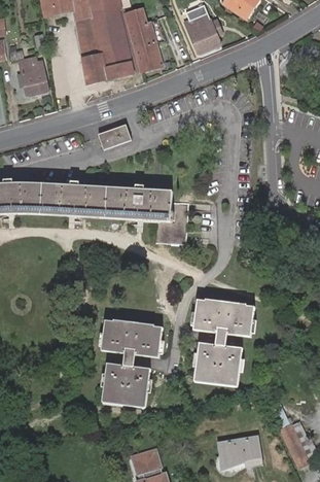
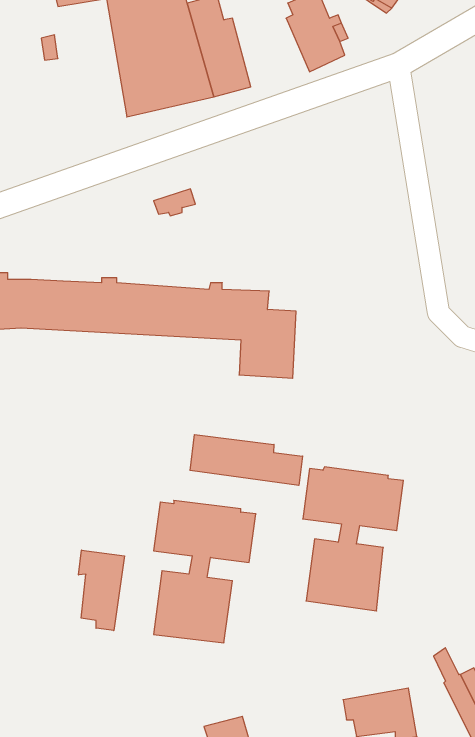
building: [20,60,47,97] -> none
building: none -> [190,435,303,485]
building: none -> [79,550,124,631]

